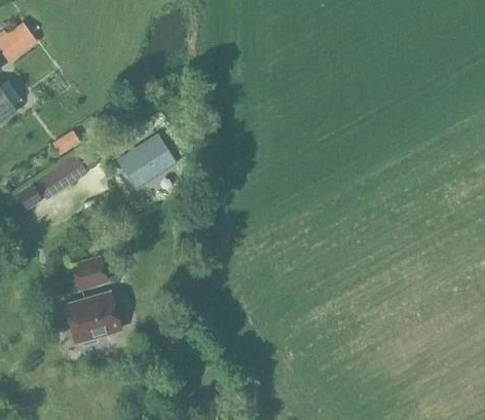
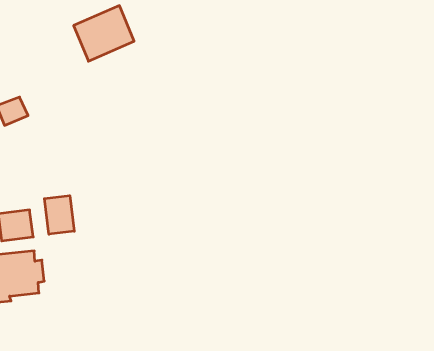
building: [117,133,174,188] -> [74,6,134,61]
building: none -> [44,196,74,234]

